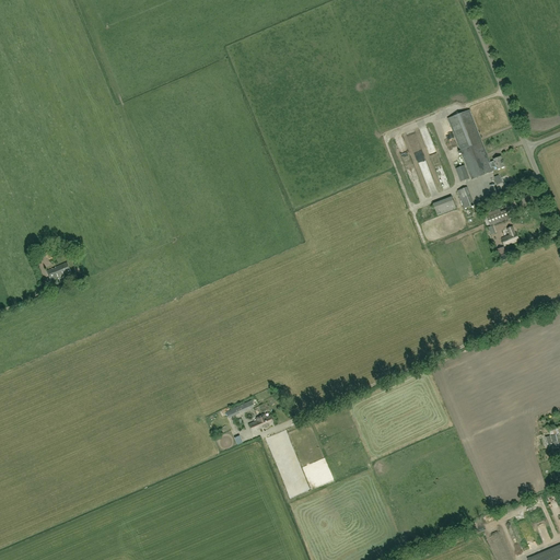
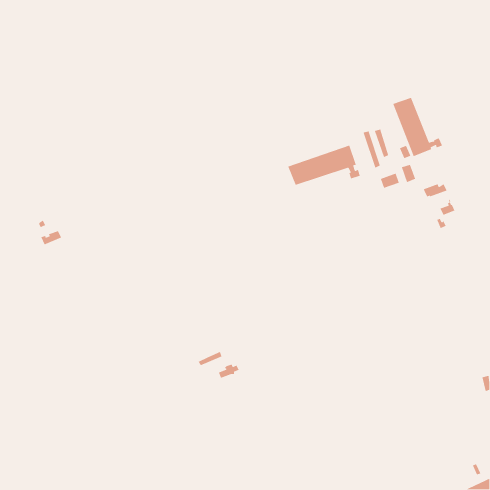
building: none -> [287,145,361,186]

